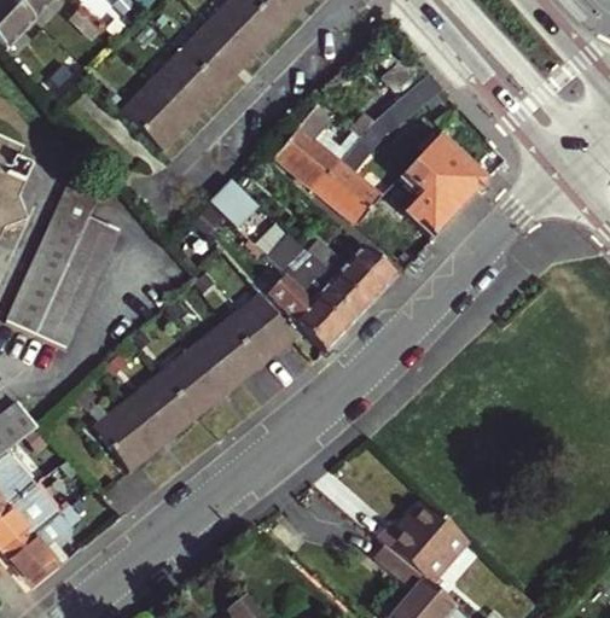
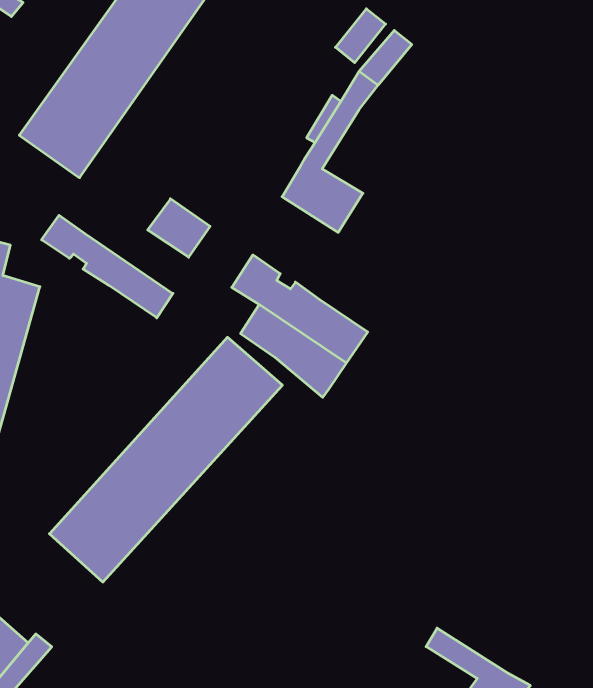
building: [275,104,341,190] -> none
building: [397,135,486,239] -> none
building: none -> [42,215,173,318]
building: [335,244,396,307] -> none
building: [384,511,474,593] -> none

